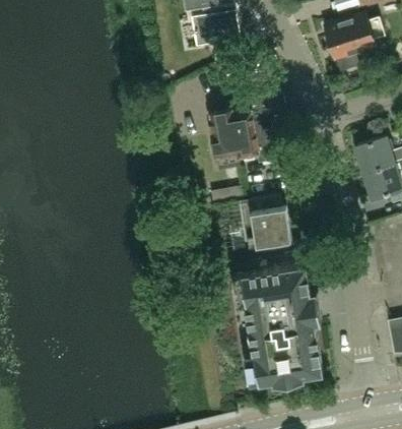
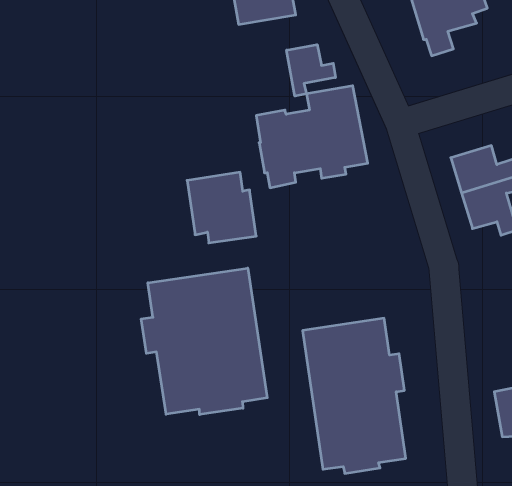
building: none -> [287,45,335,96]
building: [239,196,290,249] -> [187,172,256,243]
building: none -> [141,268,267,415]

